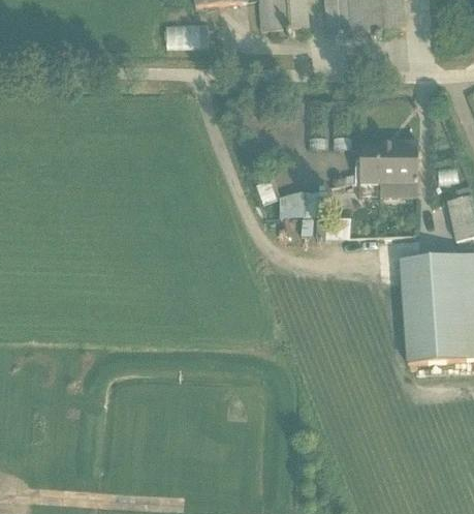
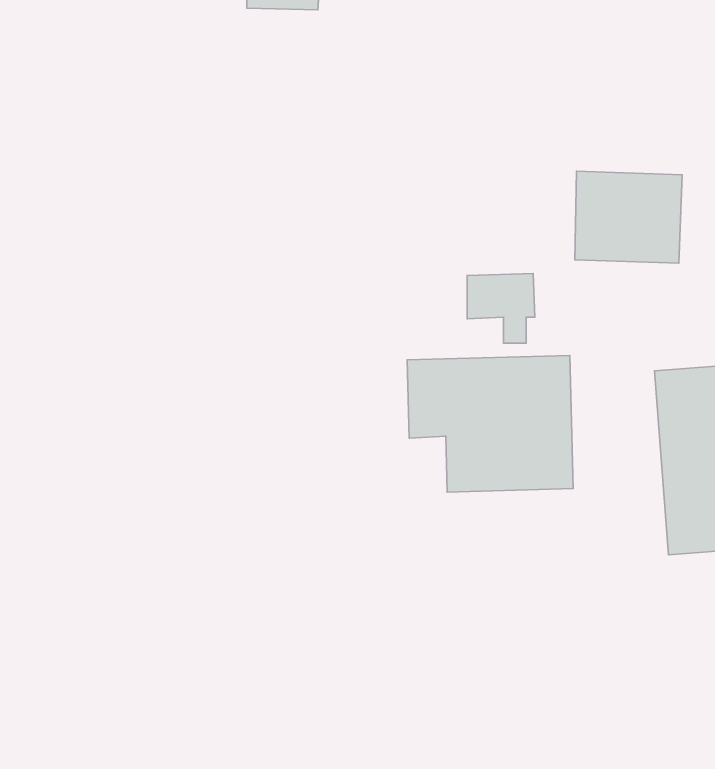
building: none -> [407,356,573,492]

